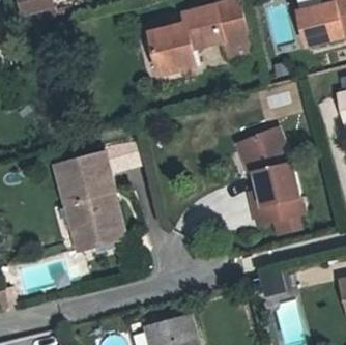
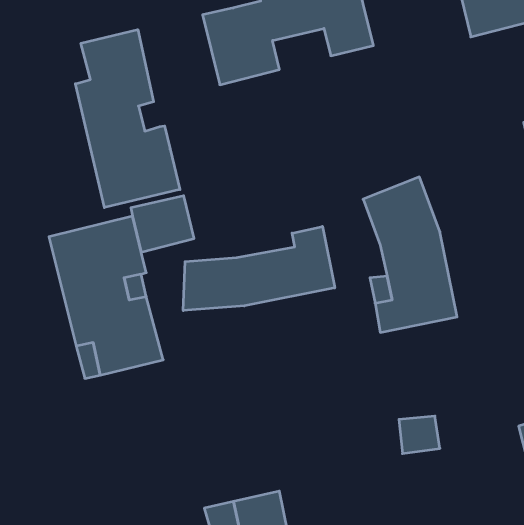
building: none -> [75,30,180,208]
building: none -> [183,226,335,311]

